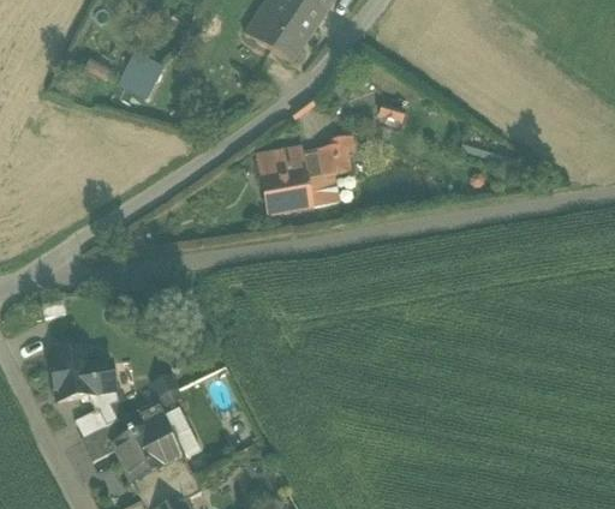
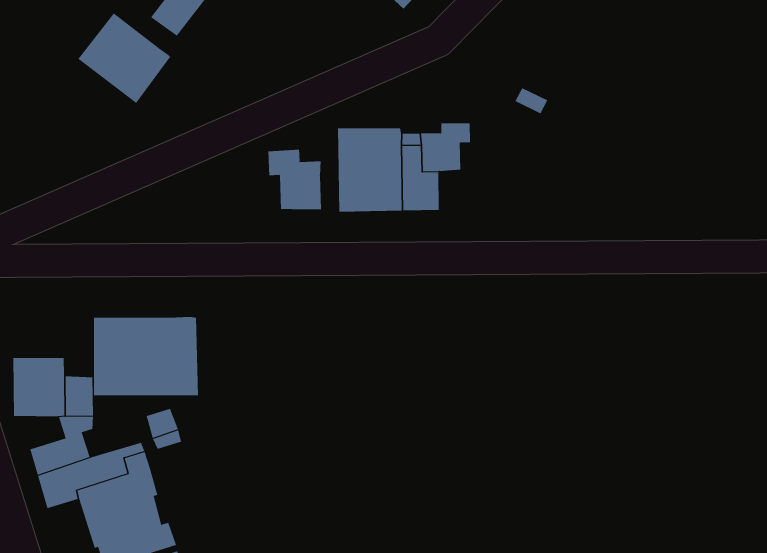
building: none -> [78,13,171,104]
building: none -> [268,149,321,210]
building: none -> [94,316,199,396]
building: [163,411,197,457] -> none

